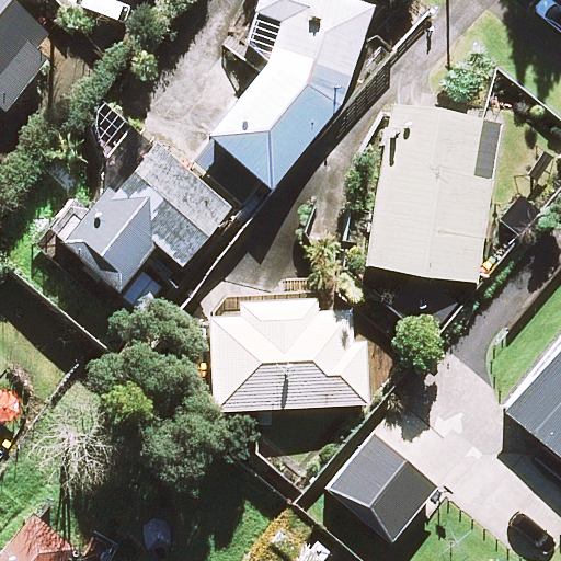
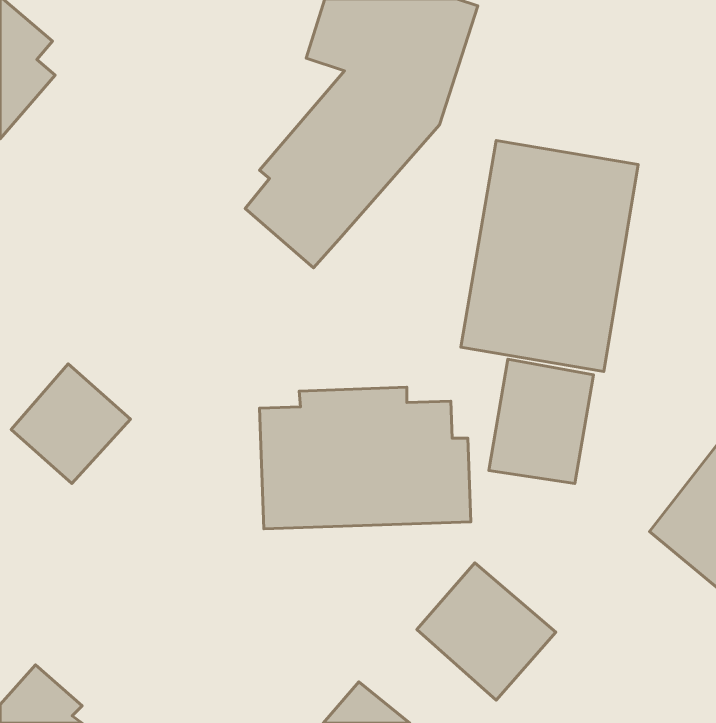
building: [55,95,237,289] -> none
building: none -> [489,359,593,484]
building: none -> [11,364,130,484]

